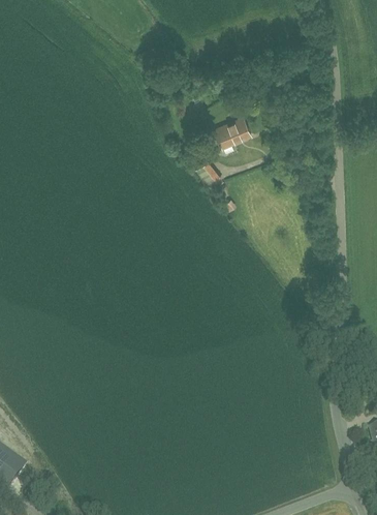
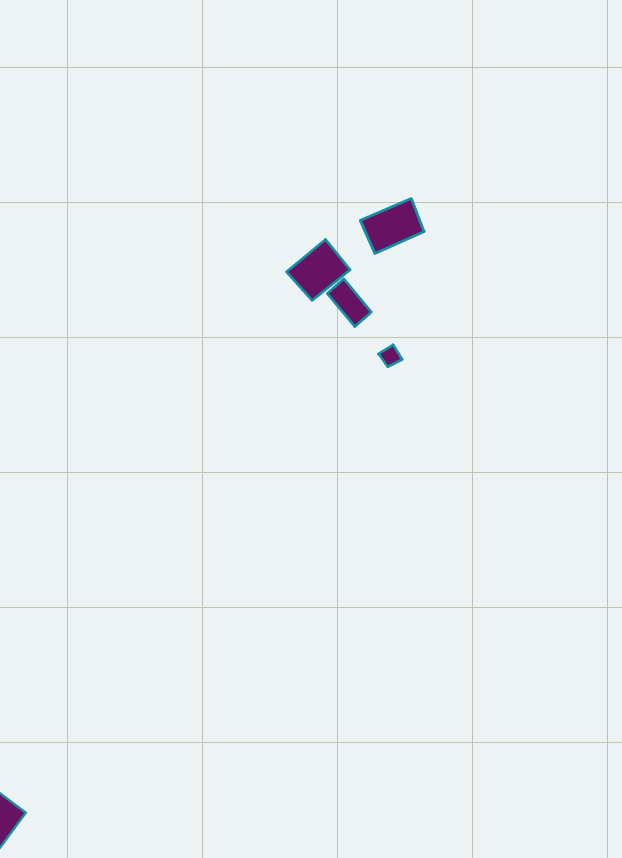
building: none -> [287,239,350,300]

